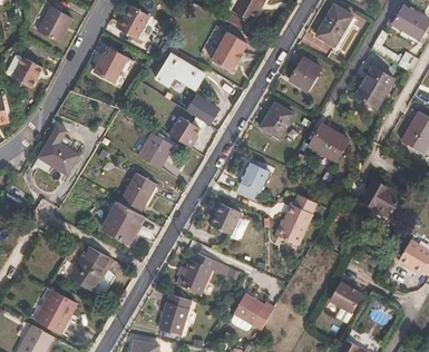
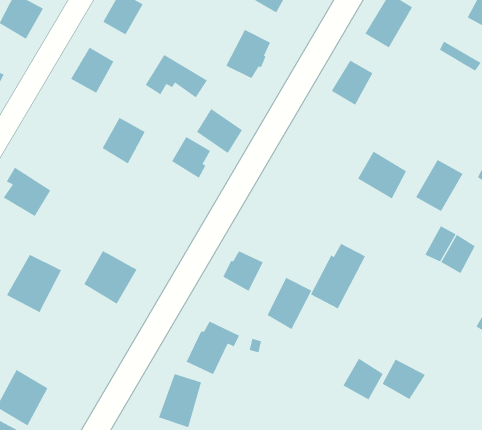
building: [358,66,394,106] -> [415,159,464,212]
building: [262,102,294,137] -> none
building: [138,131,172,167] -> [102,117,146,164]
building: [234,158,269,198] -> [267,277,312,330]
building: [118,172,155,213] -> none
building: [70,247,113,292] -> [6,254,62,313]
building: [233,294,264,326] -> [342,358,383,400]

